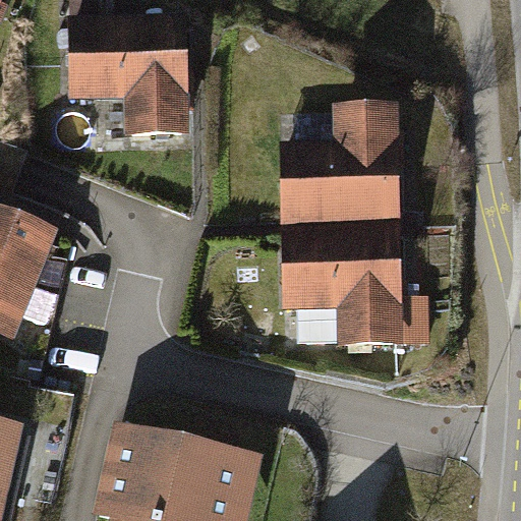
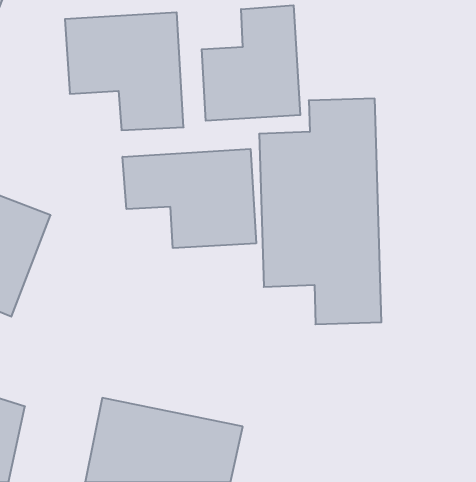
building: none -> [202,5,300,121]
building: none -> [123,149,256,248]

